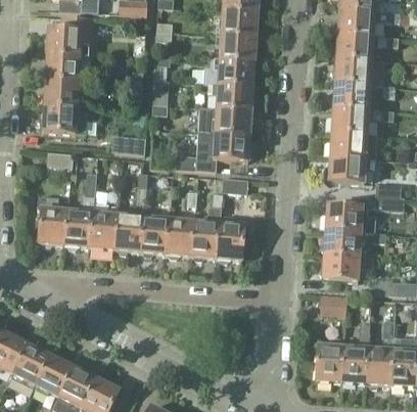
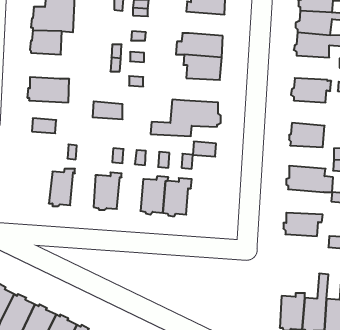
building: [215,35,257,61] -> none
building: [43,80,78,108] -> none
building: [331,83,371,109] -> none
building: [198,106,251,134] -> none
building: [328,132,377,159] -> none
building: [39,199,68,245] -> none
building: [88,201,120,249] -> none
building: [139,213,169,255] -> none
building: [215,216,245,261] -> none
building: [322,229,365,257] -> none
building: [319,294,348,316] -> none

